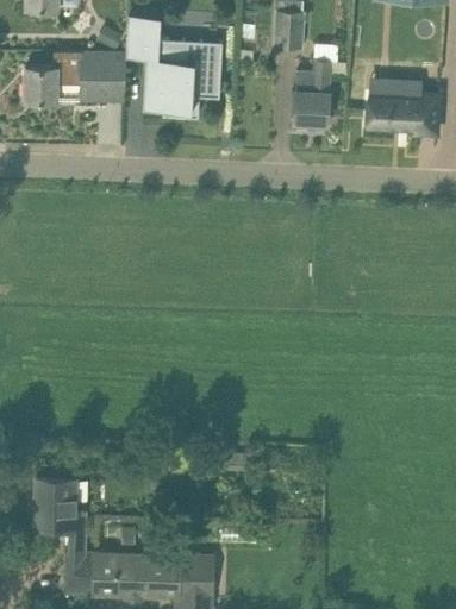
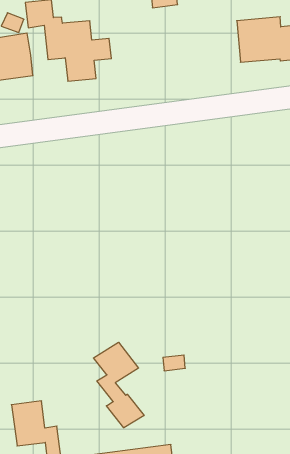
building: [293,71,329,125] -> none
building: none -> [93,342,144,428]

